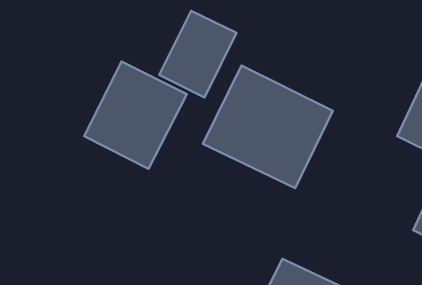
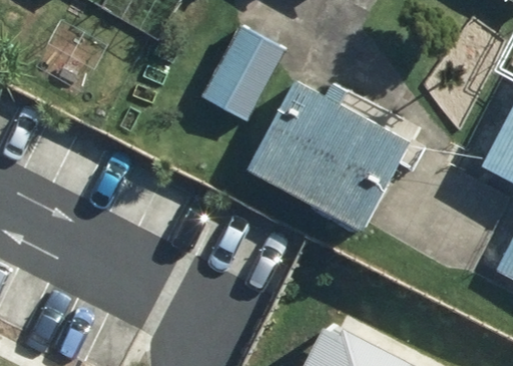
building: [84,62,187,169] -> none

